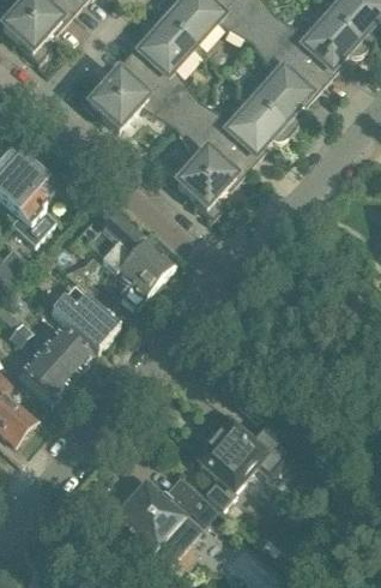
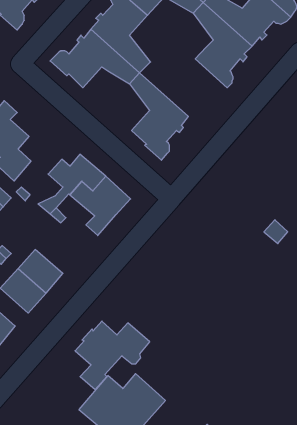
building: [186,95,291,164] -> none
building: [50,286,119,350] -> none
building: [199,424,289,506] -> [75,321,150,390]

